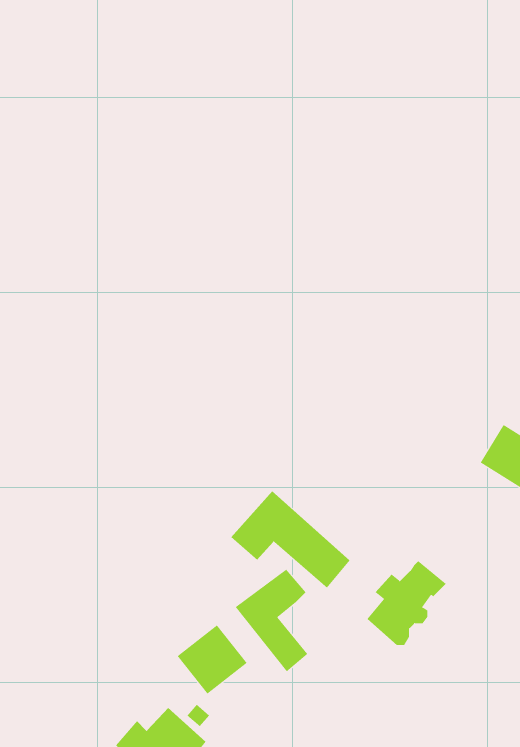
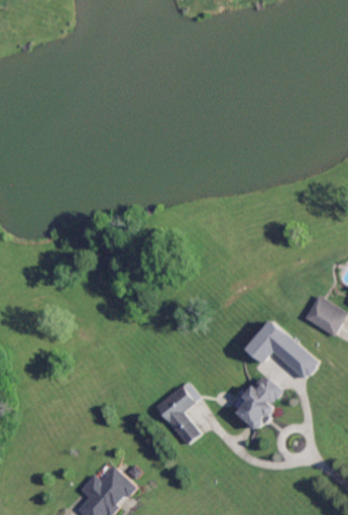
building: [231,490,350,589] -> [244,320,317,380]
building: [177,624,248,694] -> none

